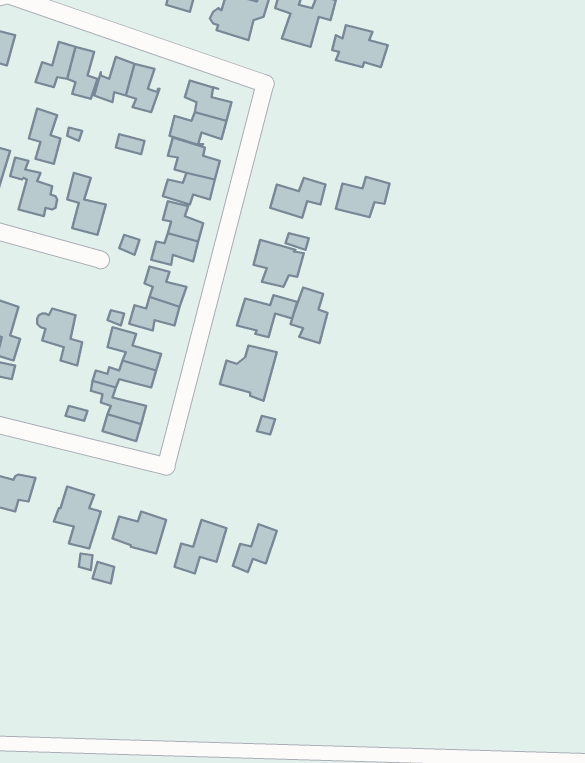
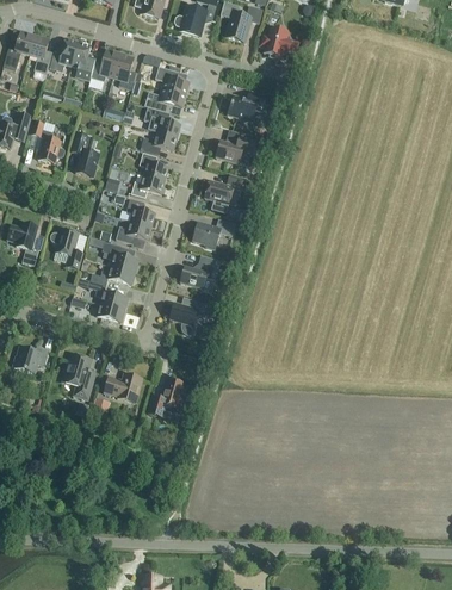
building: [29,108,61,164] -> [29,33,51,73]
building: [336,177,389,217] -> [228,91,266,119]
building: [290,287,327,343] -> none
building: none -> [169,299,206,334]
building: [233,524,277,572] -> none

